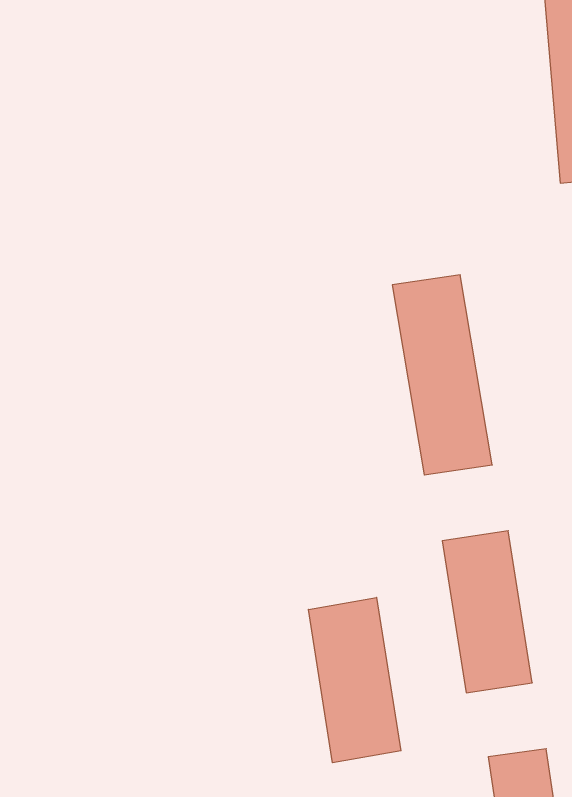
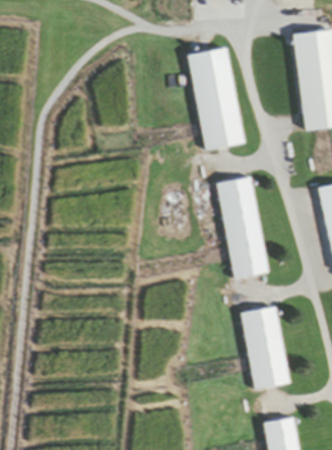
building: none -> [188,48,244,149]
building: [308,597,401,763] -> none

